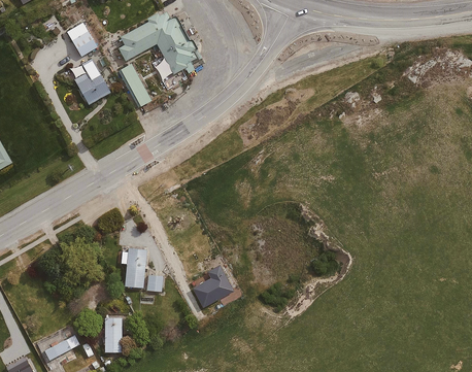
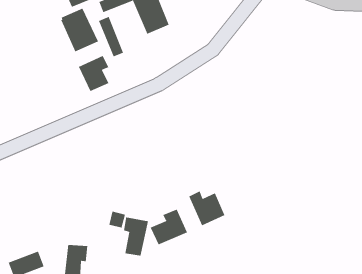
building: none -> [78,55,109,92]
building: none -> [188,190,225,226]
building: [123,248,149,290] -> [123,217,149,256]

